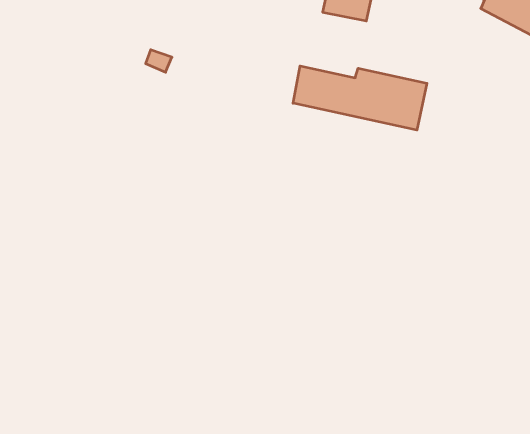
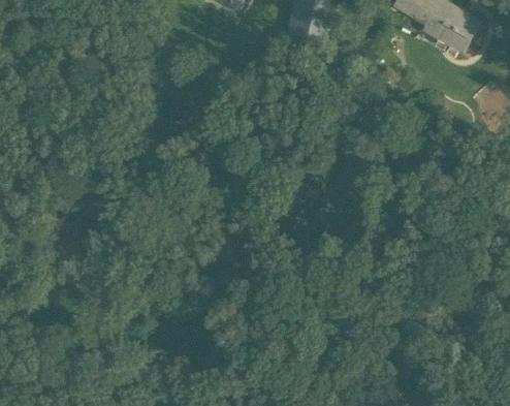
building: [293,66,427,130] -> none

